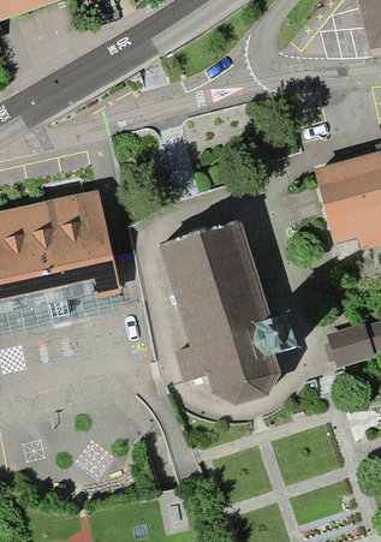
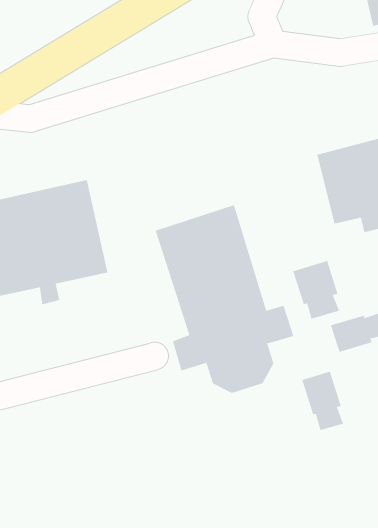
building: none -> [293,260,340,320]
building: none -> [301,371,344,431]

